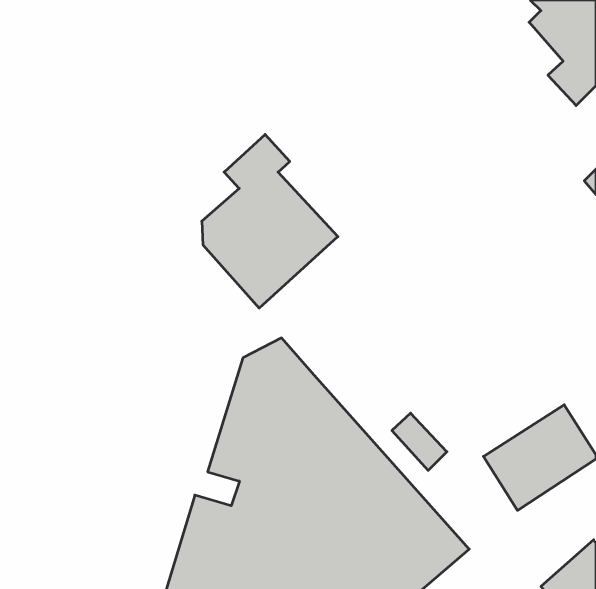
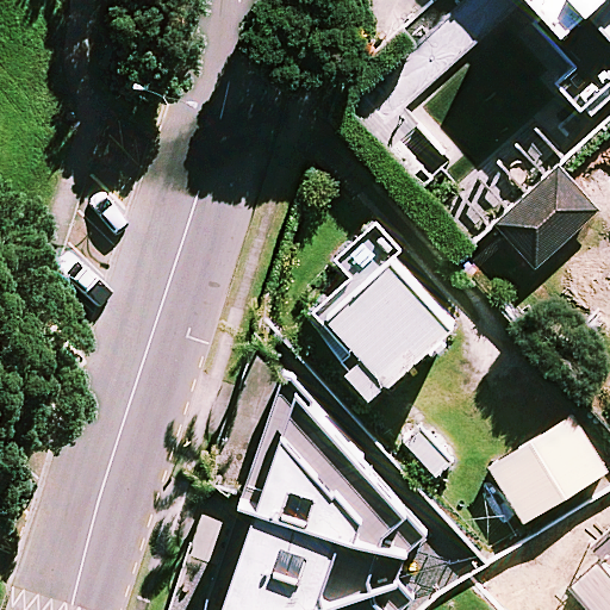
building: [202,134,338,308] -> [317,226,455,403]
building: none -> [491,170,597,274]

